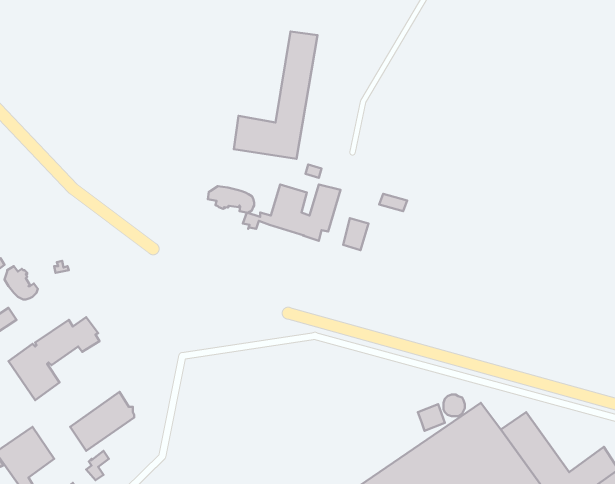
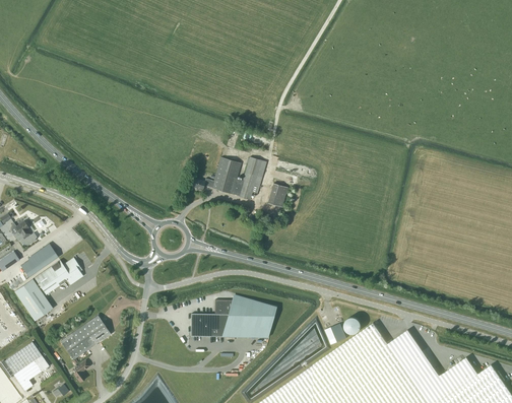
building: [234,32,317,159] -> none
building: [208,186,254,213] -> none
building: none -> [20,245,59,277]
building: none -> [191,295,275,337]

